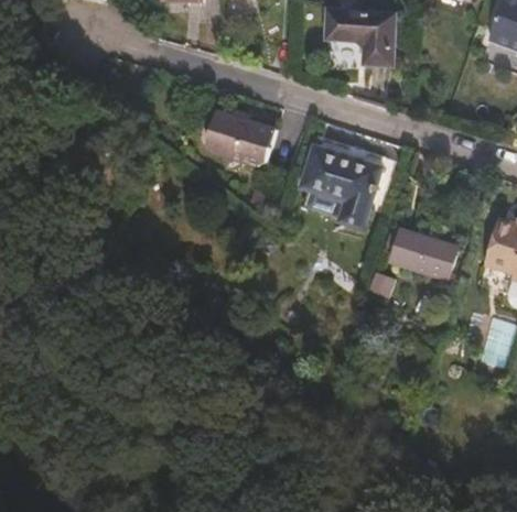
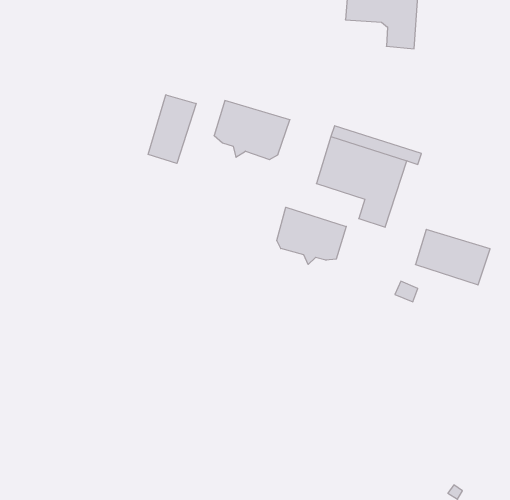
building: none -> [148,95,196,163]
building: none -> [277,207,346,264]

